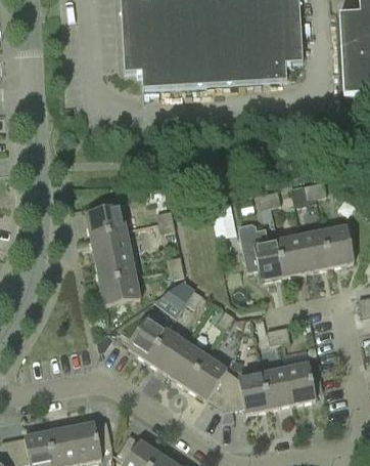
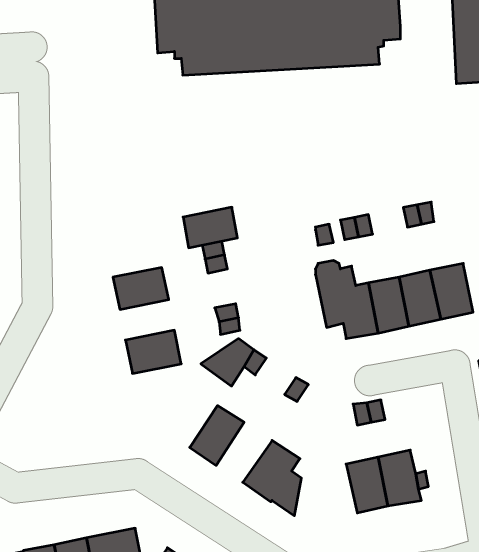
building: [87,206,127,236] -> [183,207,237,248]
building: [96,252,136,282] -> none
building: [128,316,168,361] -> none
building: [167,342,207,386] -> none
building: [224,373,270,414] -> none

